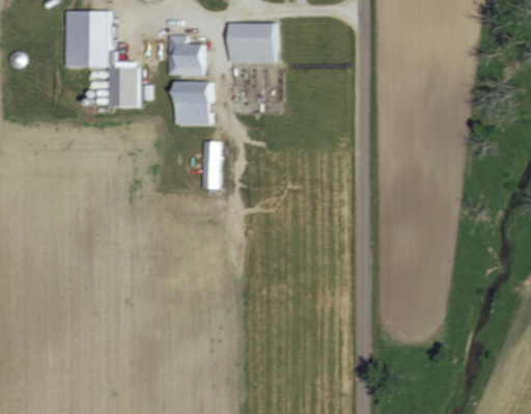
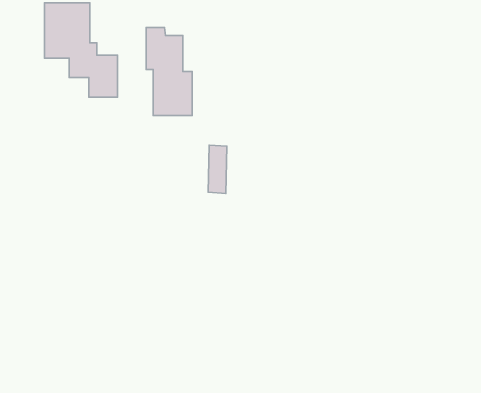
building: [228,22,279,63] -> none
building: [201,140,220,189] -> [208,145,227,193]

